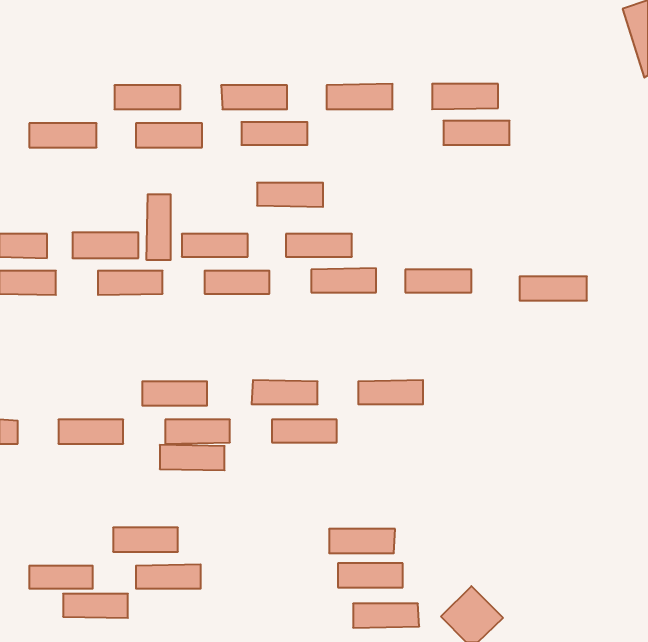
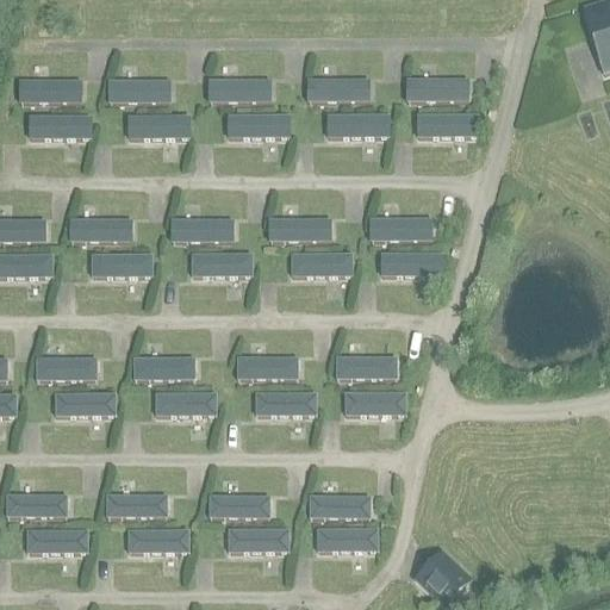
building: none -> [18,80,80,104]
building: [257,183,323,207] -> [326,114,388,137]
building: [147,194,171,260] -> none
building: [520,276,587,301] -> [368,218,431,241]
building: none -> [36,357,97,380]
building: none -> [346,392,405,415]
building: [160,445,225,470] -> [208,494,269,518]
building: [63,594,128,618] -> [6,494,67,517]
building: [353,604,419,628] -> [228,529,290,552]

